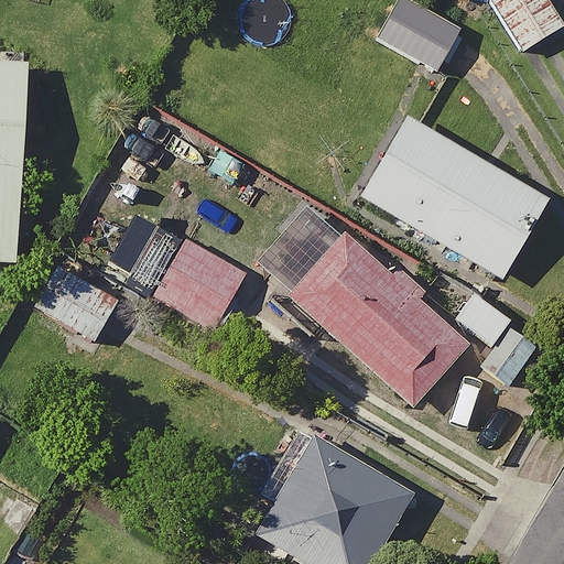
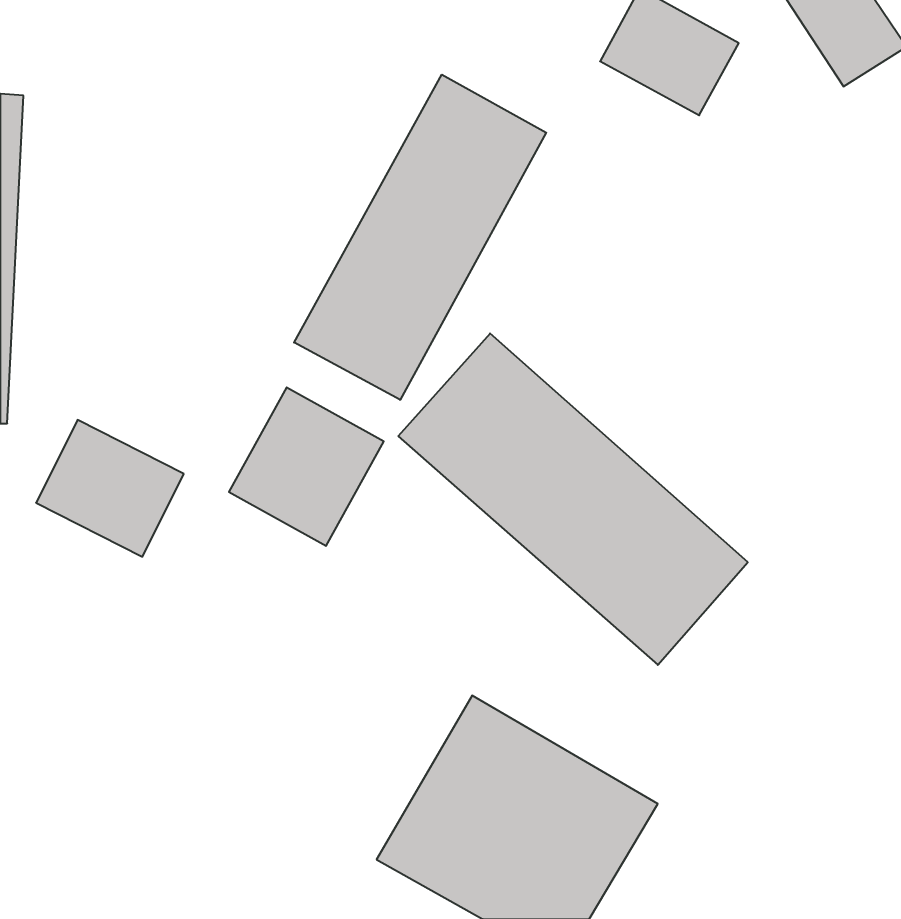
building: none -> [294,75,546,400]
building: [360,117,549,279] -> none

